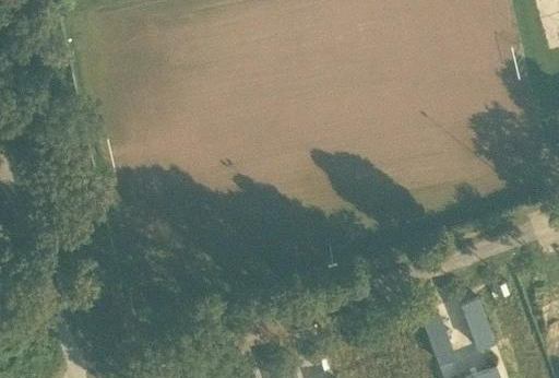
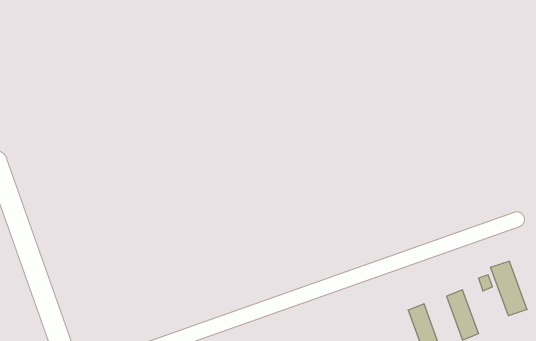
building: none -> [491,261,527,316]

